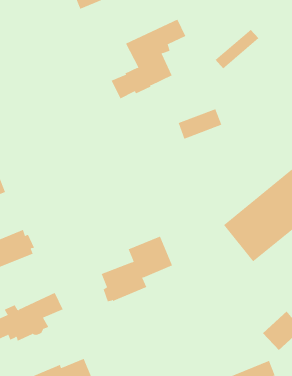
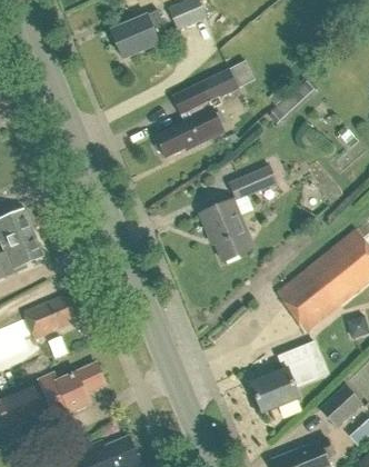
building: none -> [200,196,253,260]
building: [101,236,173,302] -> [250,341,328,413]

